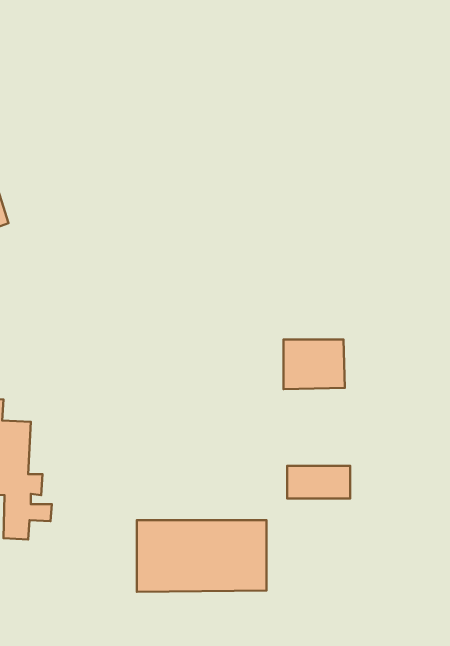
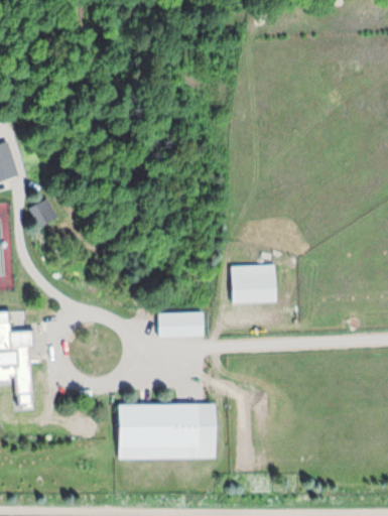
building: none -> [30,197,58,226]
building: [287,466,350,498] -> [157,311,206,337]

